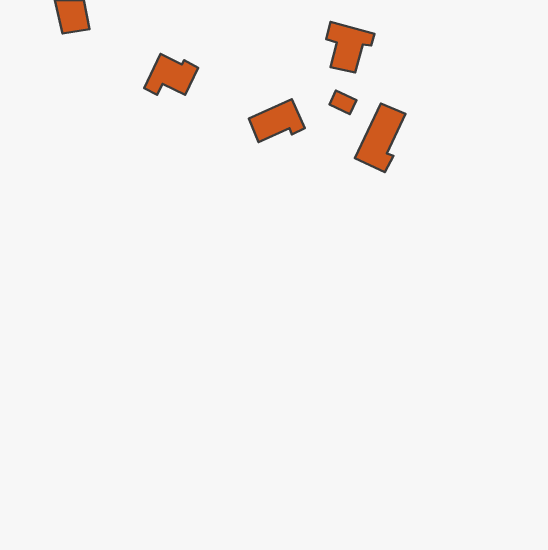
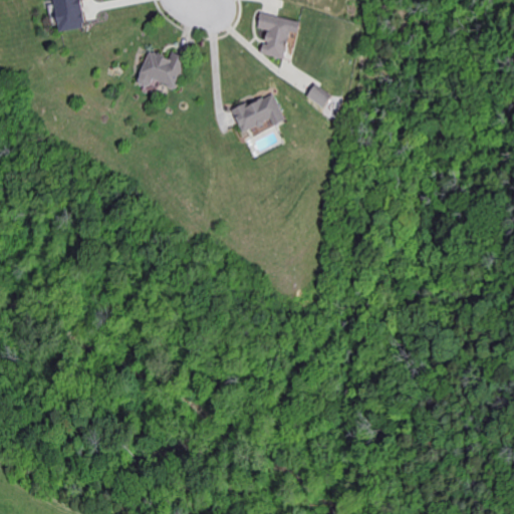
building: [326,22,375,73] -> [256,11,301,58]
building: [355,103,406,172] -> none

